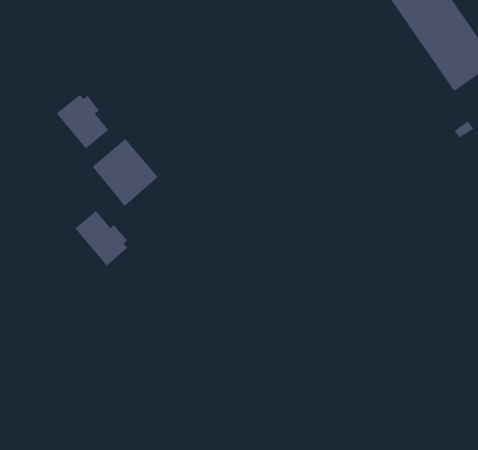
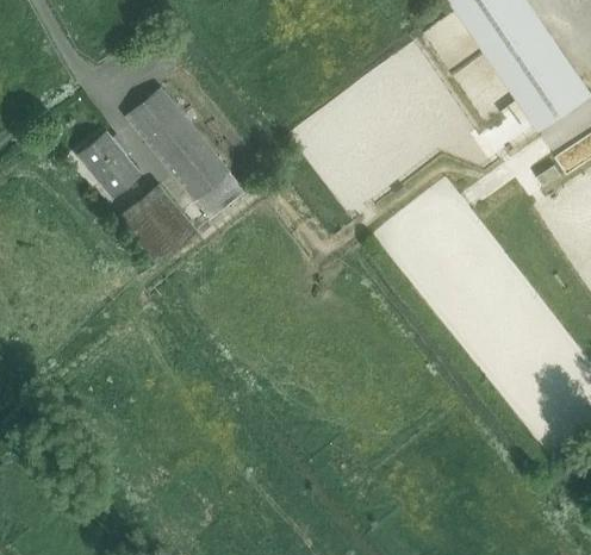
building: none -> [125,87,245,218]
building: [75,210,128,267] -> none

